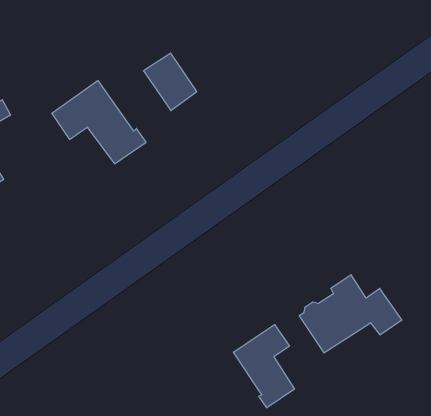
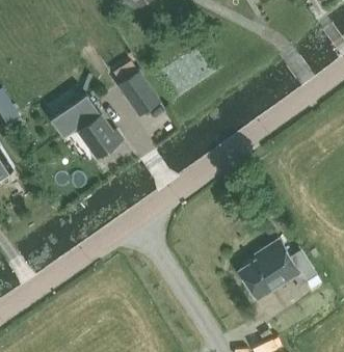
building: [233,325,294,408] -> none

